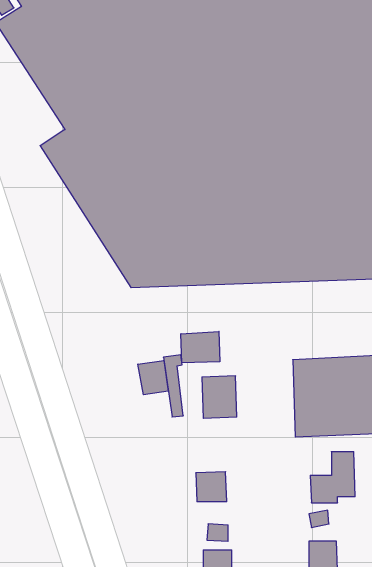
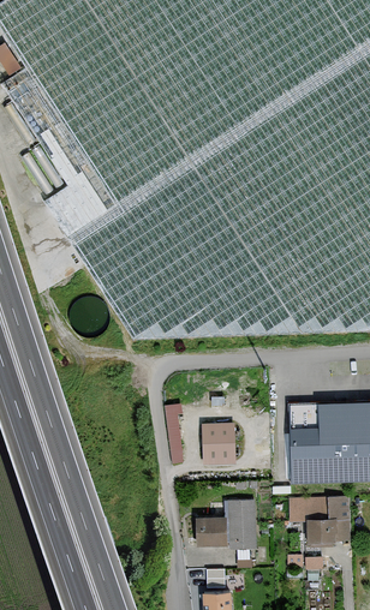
building: [181,331,220,363] -> none
building: [138,360,168,395] -> none
building: none -> [290,495,327,519]
building: none -> [225,498,256,546]

